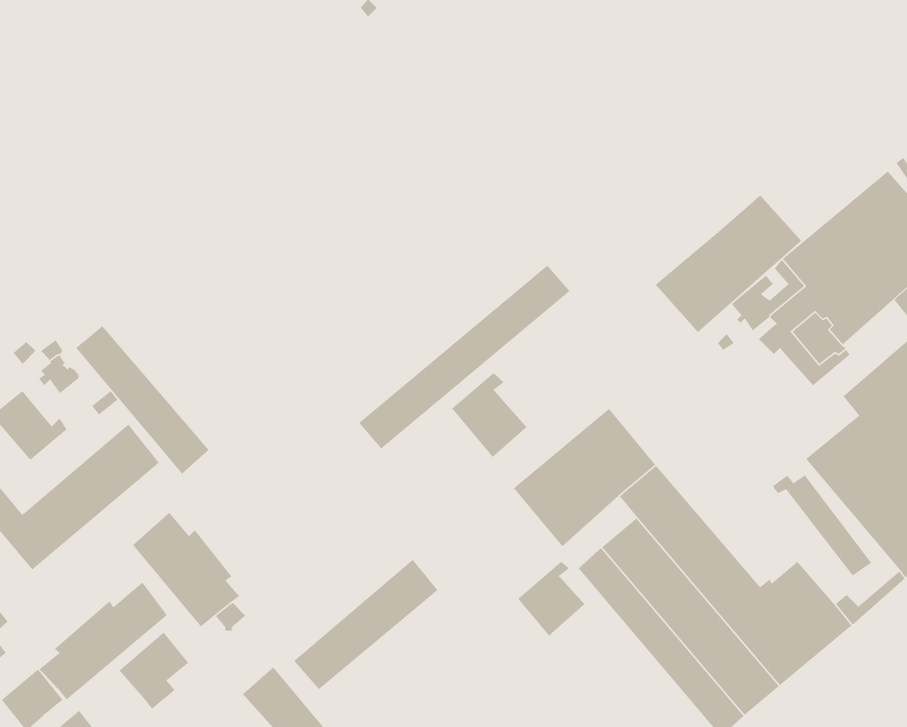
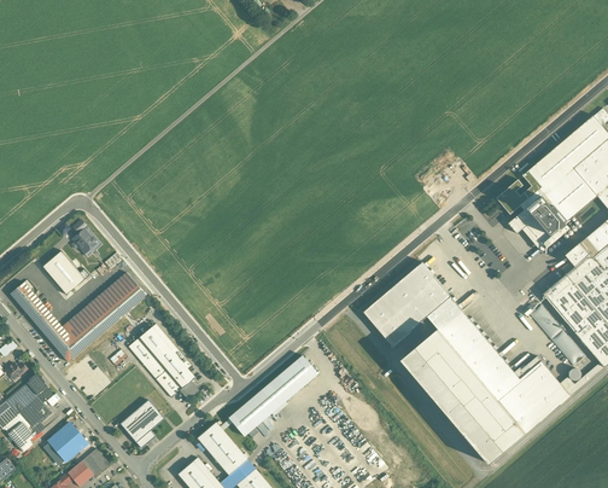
building: [655,194,802,333] -> none
building: [358,265,570,450] -> none
building: [75,325,209,474] -> none
building: [451,372,527,458] -> none
building: [517,561,585,636] -> none
building: [38,582,168,701] -> none

